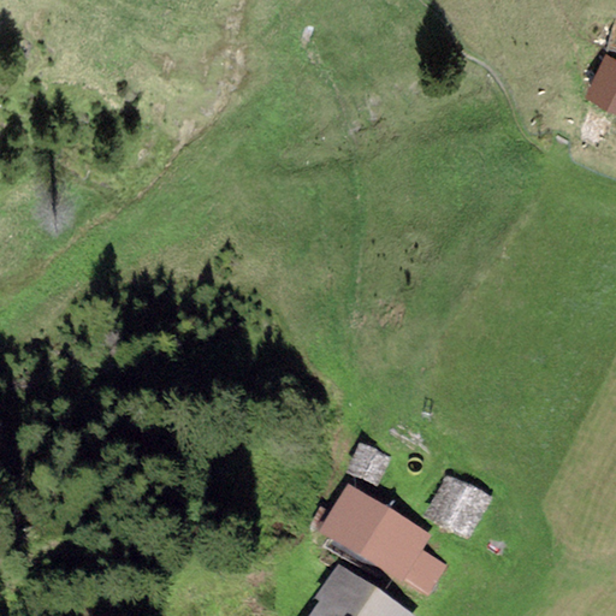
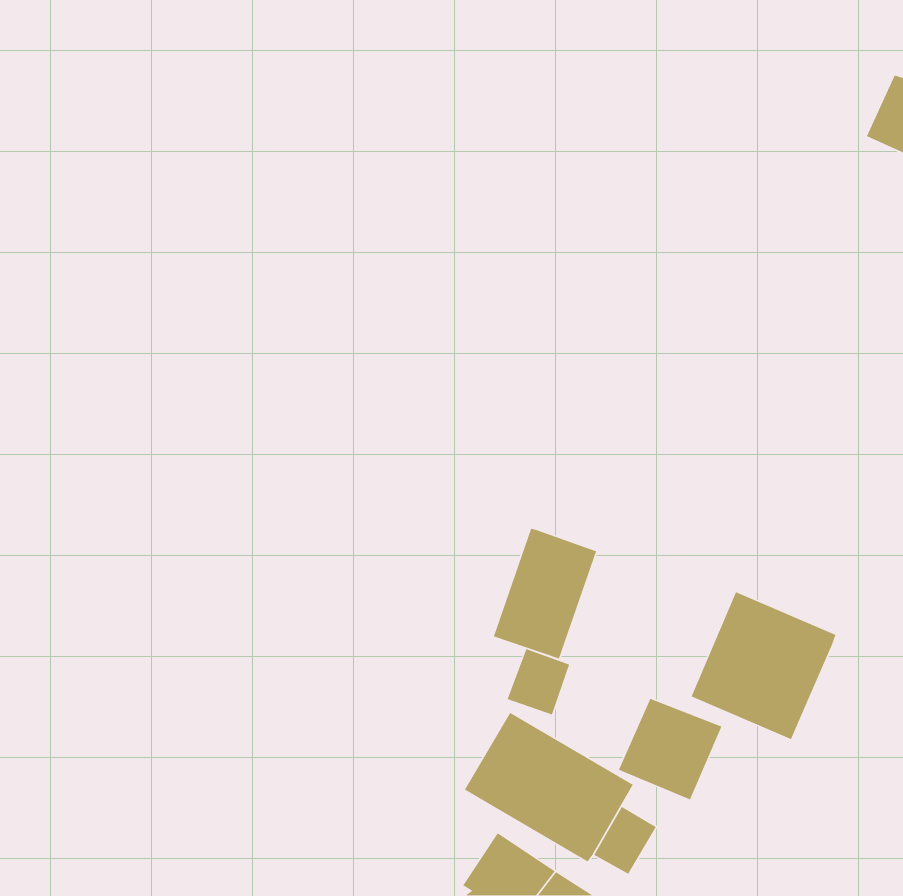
building: none -> [493,528,597,660]
building: none -> [690,591,836,740]

